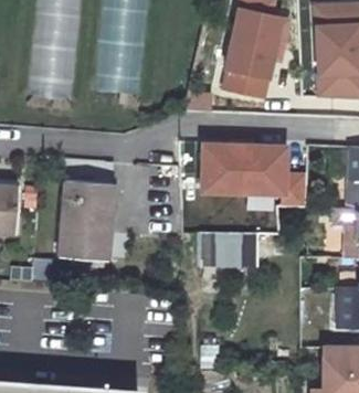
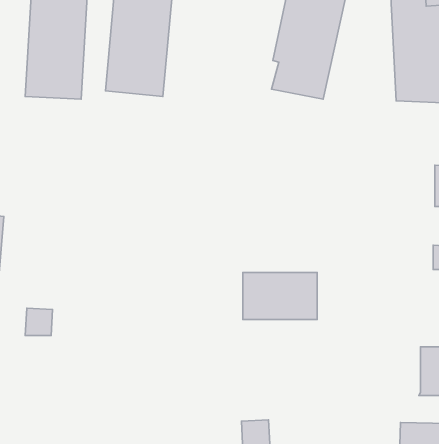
building: [204,139,308,197] -> none
building: [59,182,112,259] -> none

